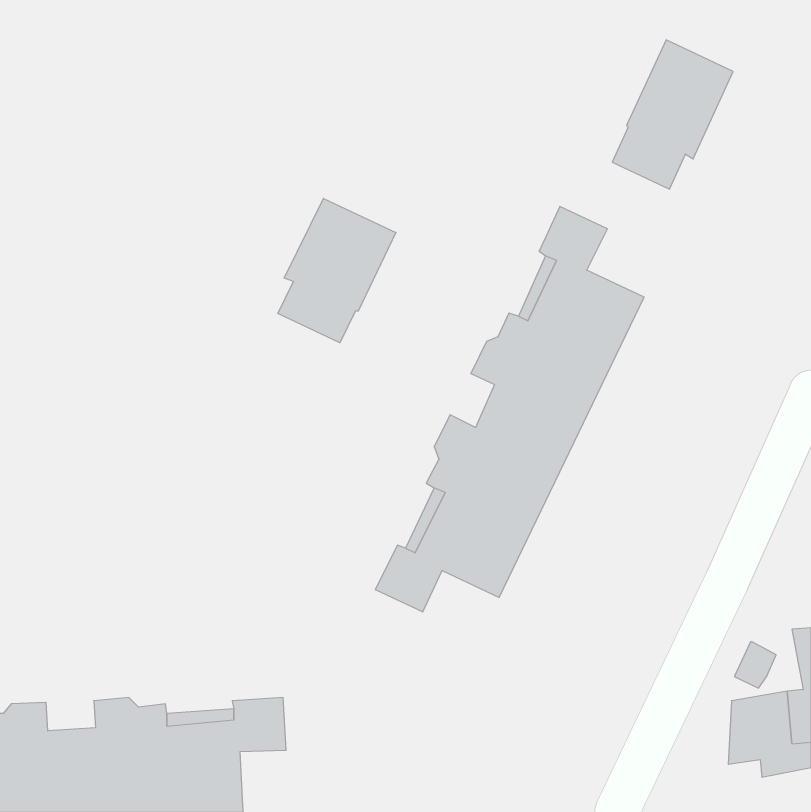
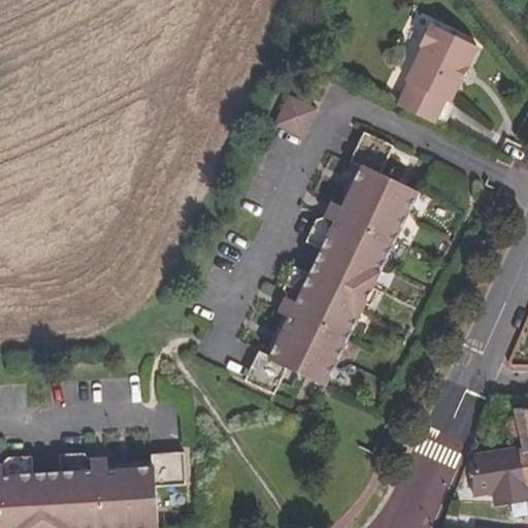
building: none -> [276,97,315,136]
building: [278,198,396,343] -> none

